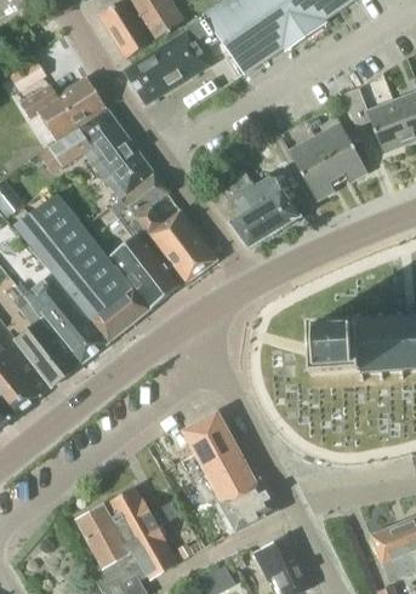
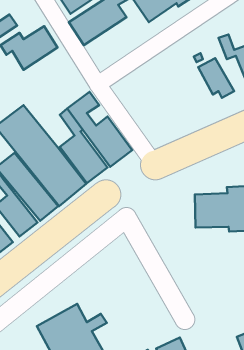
building: [51,110,153,196] -> none
building: [290,137,336,200] -> none
building: [220,170,300,249] -> none
building: [183,411,278,531] -> none

